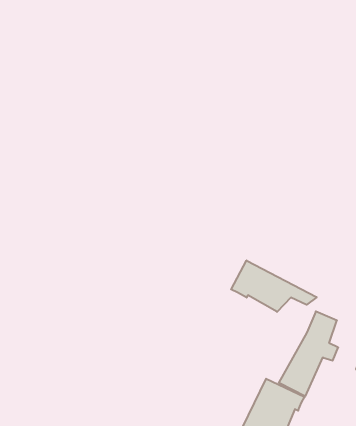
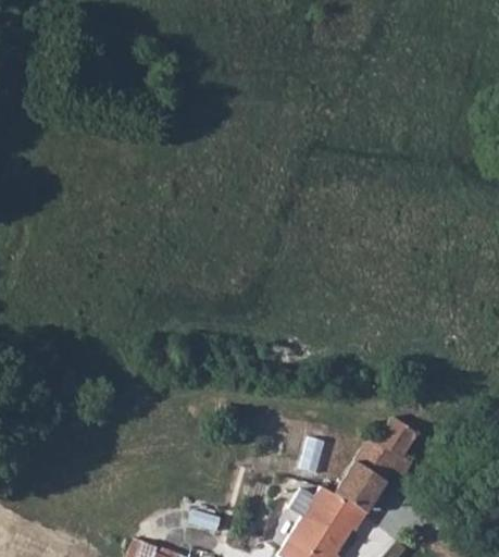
building: [231,260,317,312] -> none

